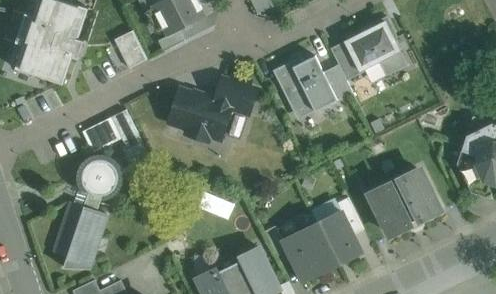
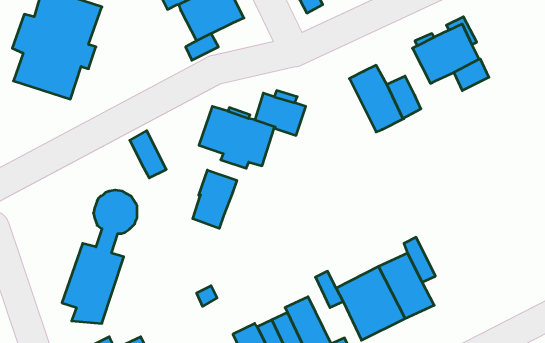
building: [114,31,146,68] -> none
building: [330,42,364,81] -> none
building: [272,56,314,120] -> none
building: [82,118,121,153] -> none
building: none -> [193,170,237,228]
building: [368,169,440,236] -> none

